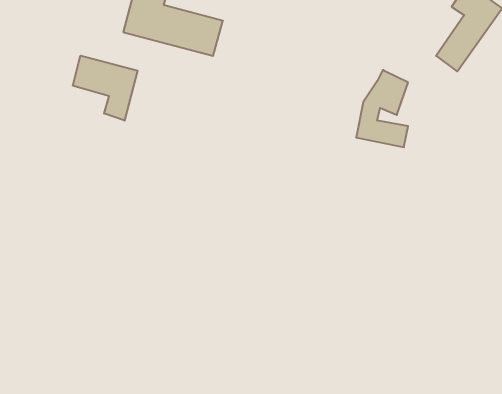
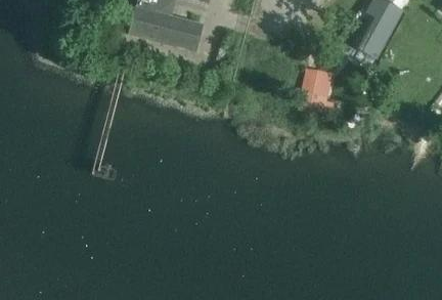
building: [73,56,138,121] -> none

